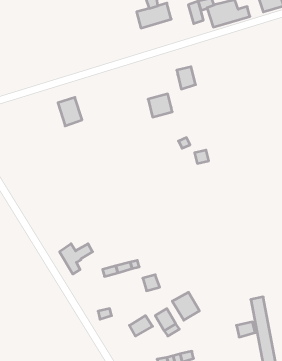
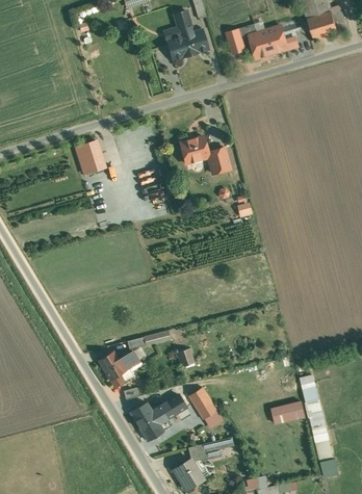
building: [177,67,196,89] -> [207,148,229,174]
building: [60,244,93,274] -> [99,352,137,387]
building: [172,292,199,320] -> none
building: none -> [130,402,165,440]

